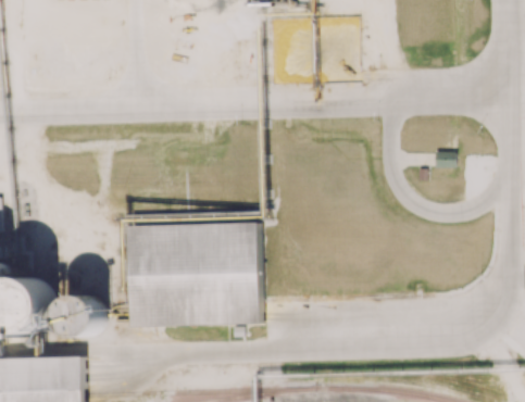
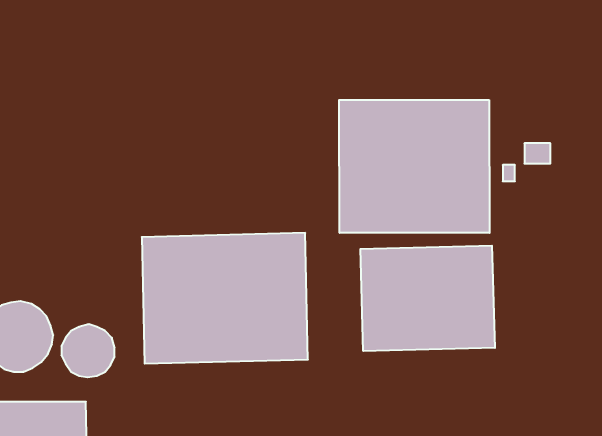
building: none -> [339,100,490,233]
building: none -> [360,246,495,351]

